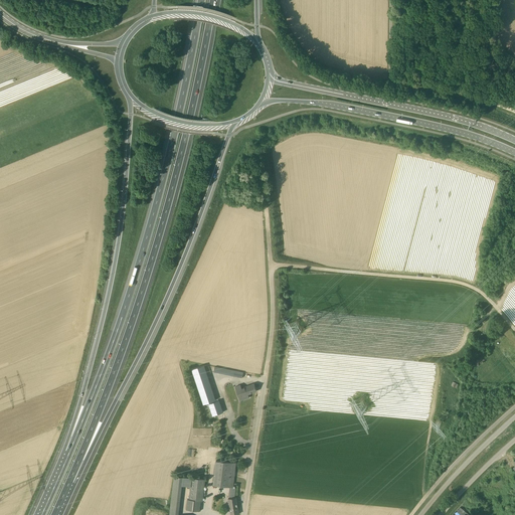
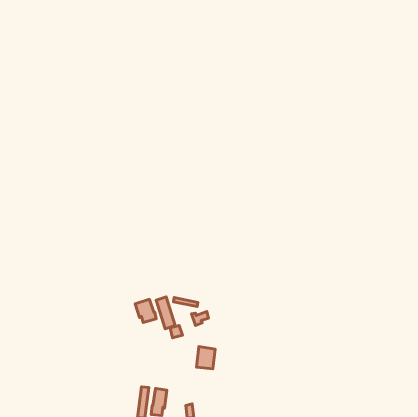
building: none -> [135,299,156,323]
building: [213,461,236,488] -> [196,347,215,369]

